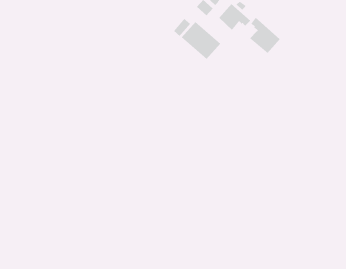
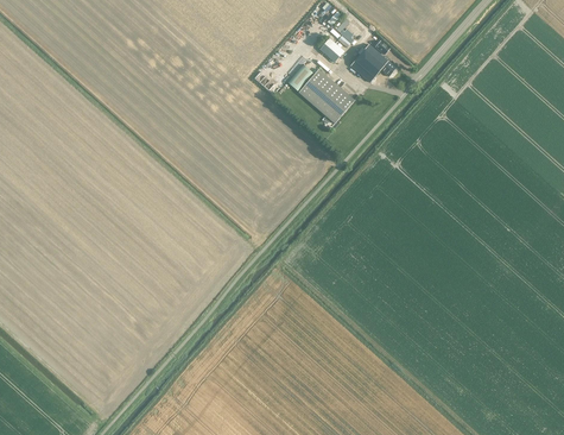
building: [249,17,281,54] -> none

